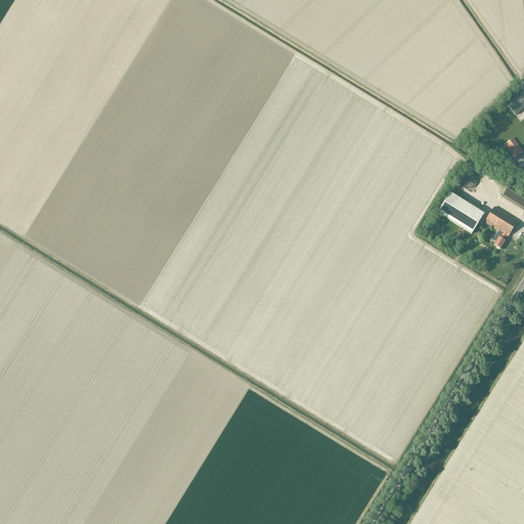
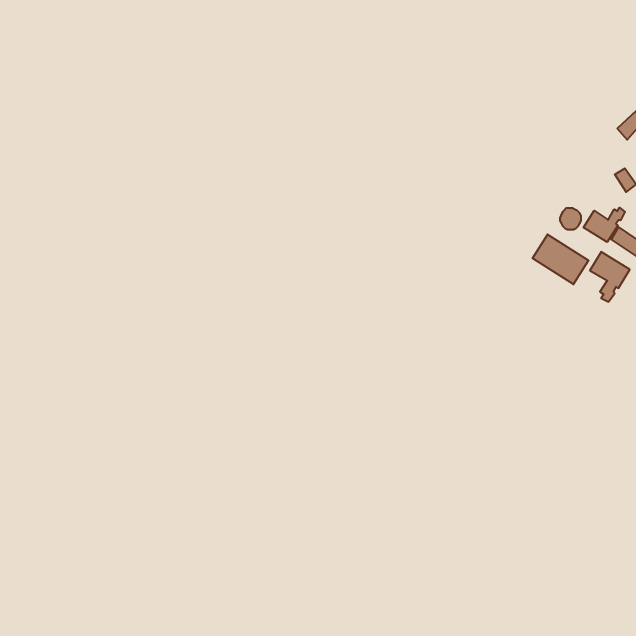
building: none -> [584,208,625,242]

